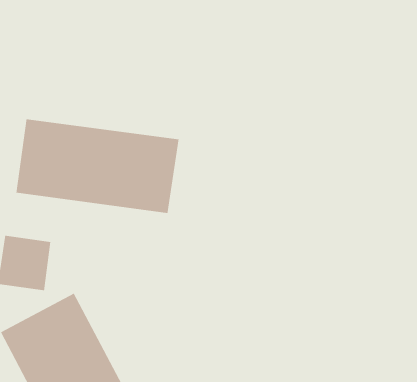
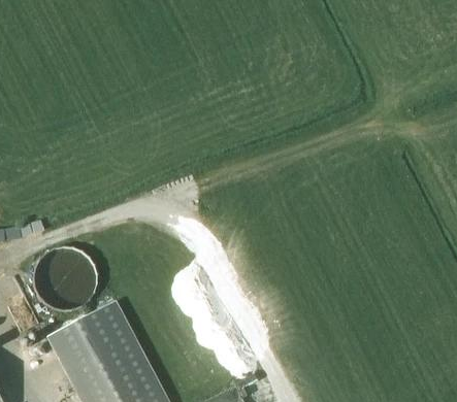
building: [16,118,179,214] -> none

